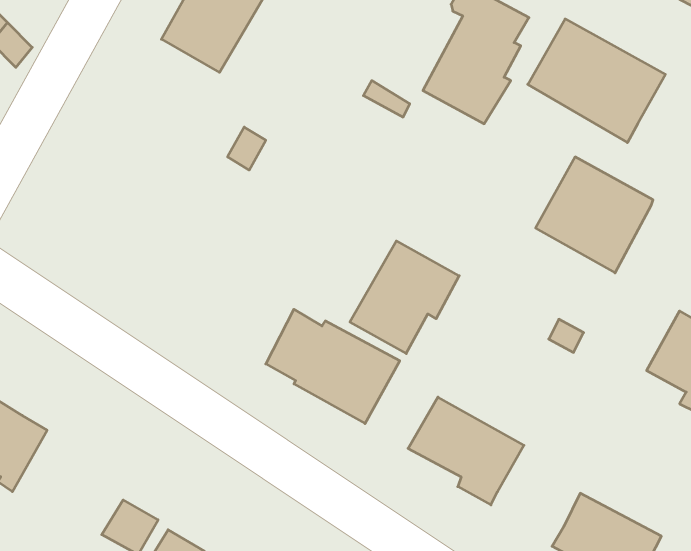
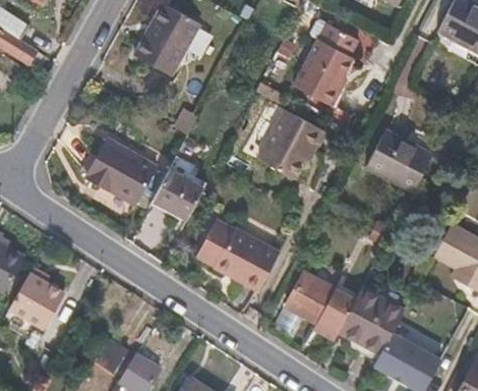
building: [528,19,665,143] -> none
building: none -> [84,137,155,205]
building: none -> [154,168,203,219]
building: [350,241,459,354] -> [258,110,325,179]
building: none -> [340,289,403,354]

